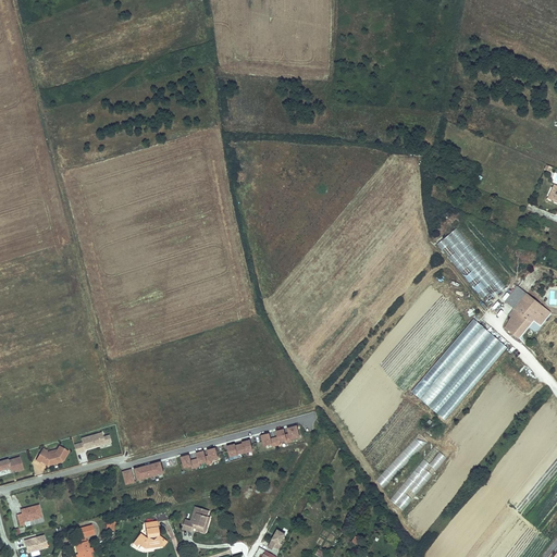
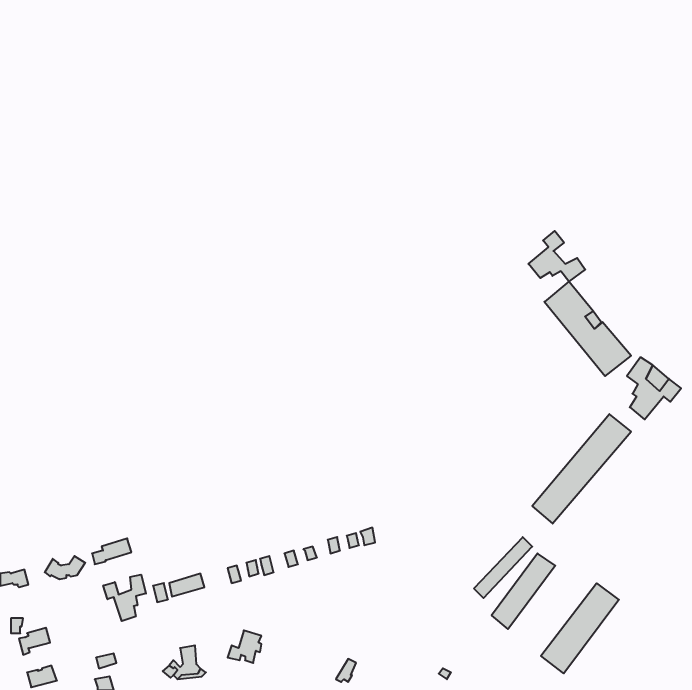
building: none -> [528,231,585,281]
building: [410,319,490,407] -> none
building: none -> [103,575,146,621]
building: none -> [541,583,619,673]

